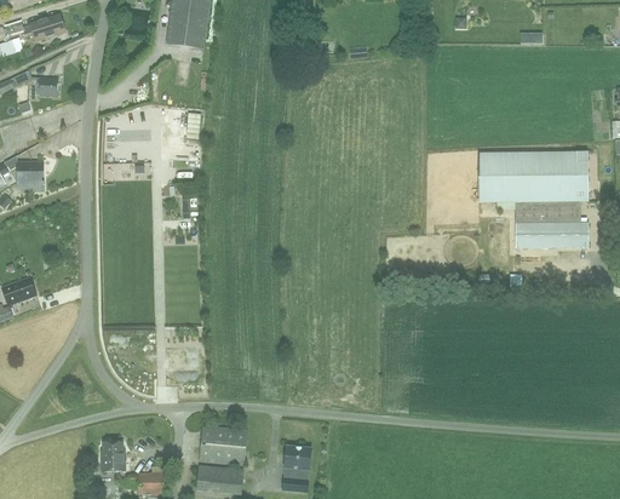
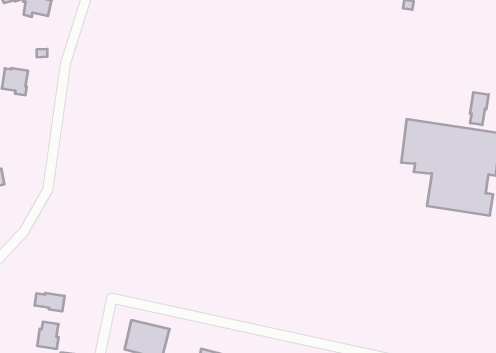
building: none -> [470,92,489,125]
building: none -> [35,293,64,311]

